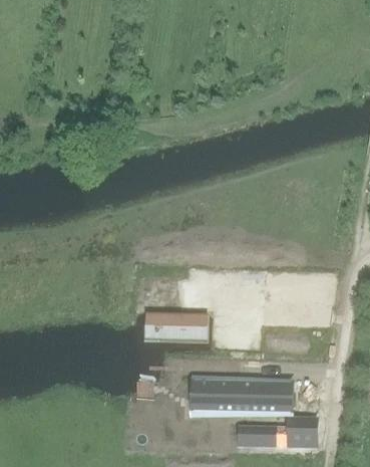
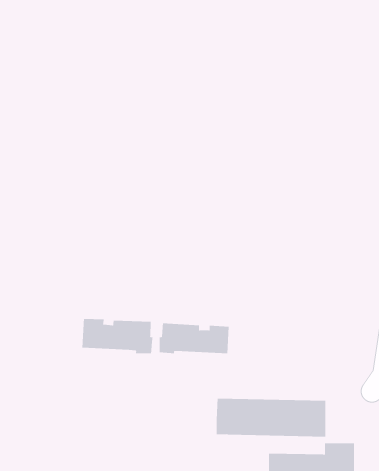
building: none -> [82,318,153,354]

